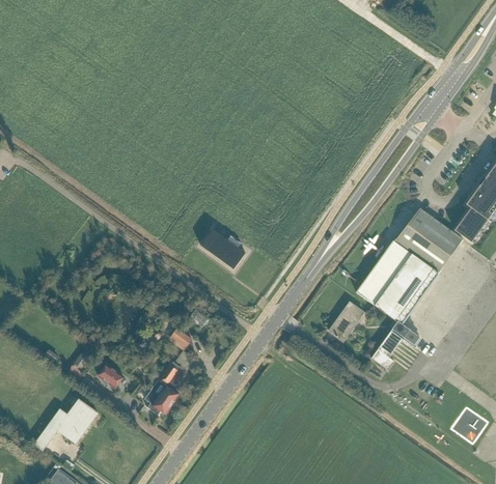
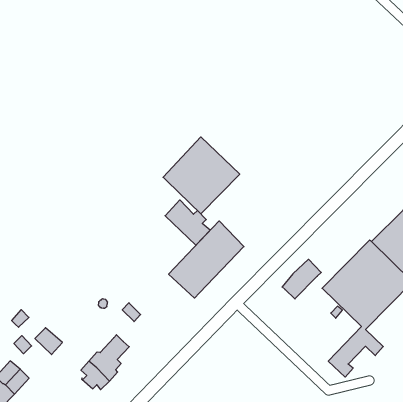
building: none -> [163,137,240,214]
building: none -> [169,221,244,298]
building: [329,302,363,340] -> [282,259,321,299]

